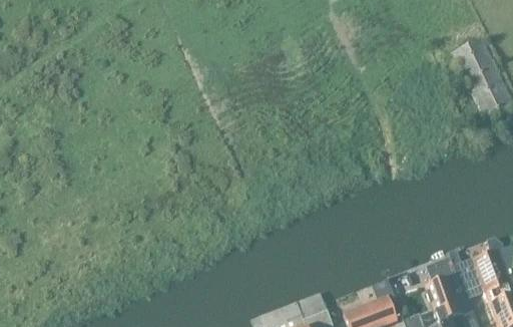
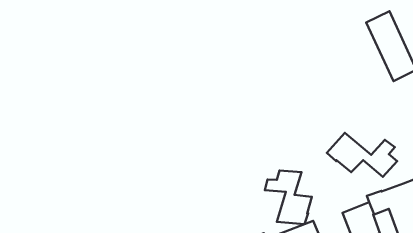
building: none -> [327,133,397,177]
building: none -> [265,171,312,224]

